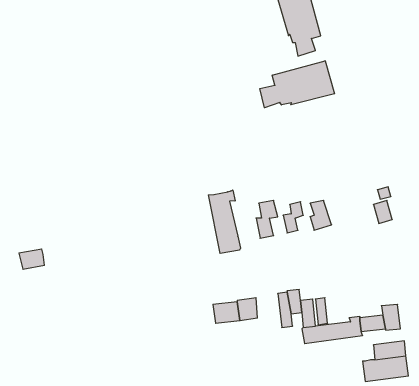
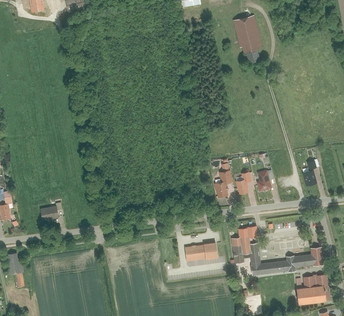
building: [260,61,335,108] -> none
building: [208,190,241,253] -> none

